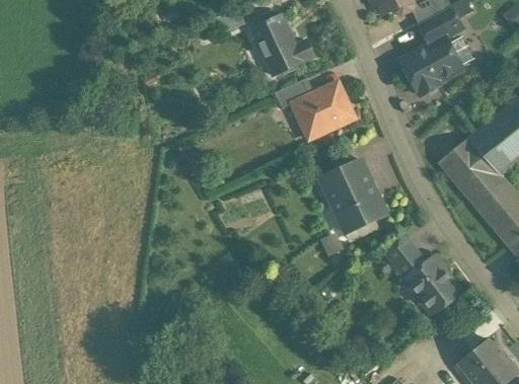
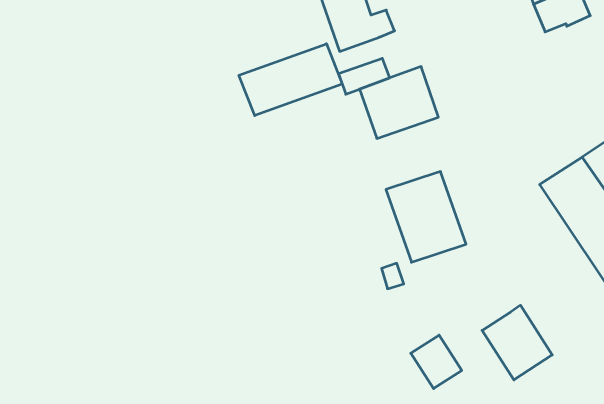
building: [402,36,463,95] -> none
building: none -> [239,44,342,116]
building: [386,237,427,279] -> [411,335,462,389]

